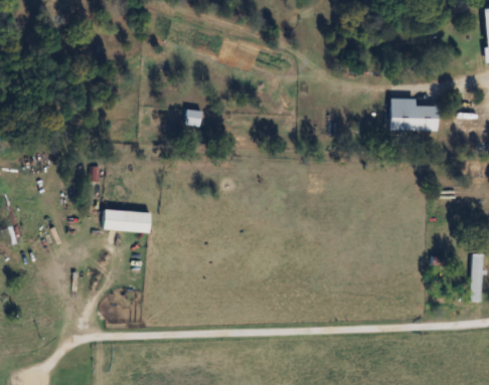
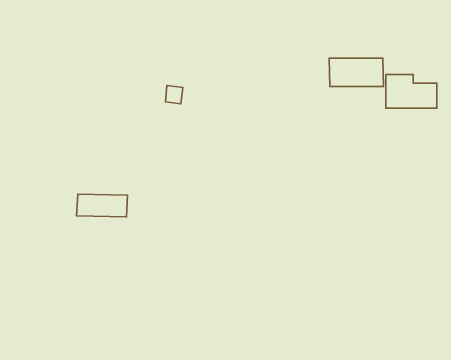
building: none -> [329,58,383,86]

